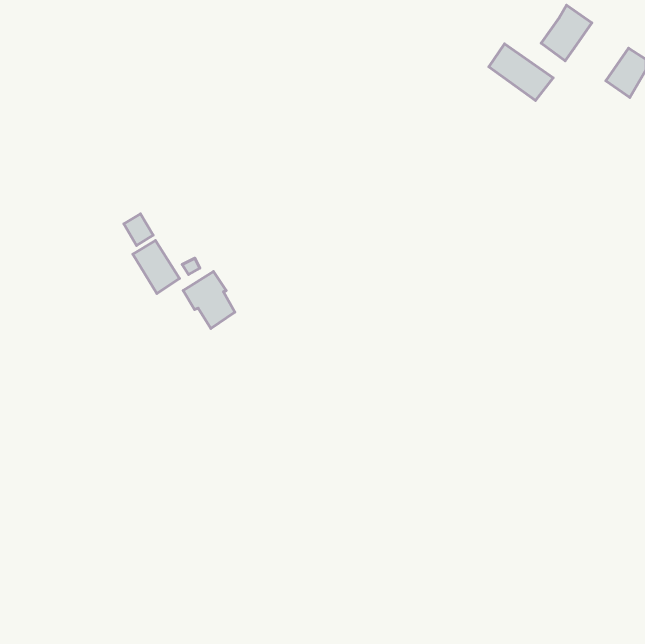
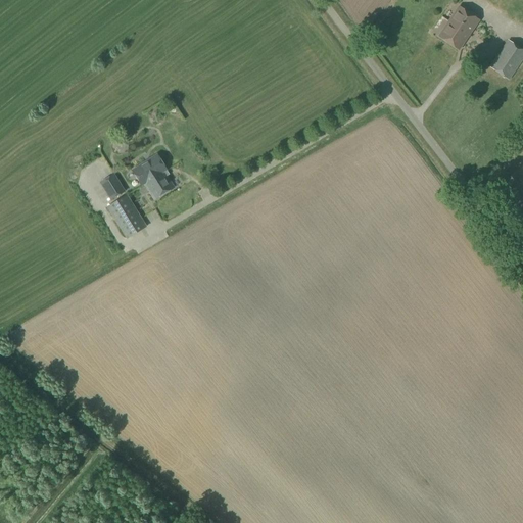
building: [489,44,553,100] -> none
building: [183,272,235,329] -> [133,153,175,199]

